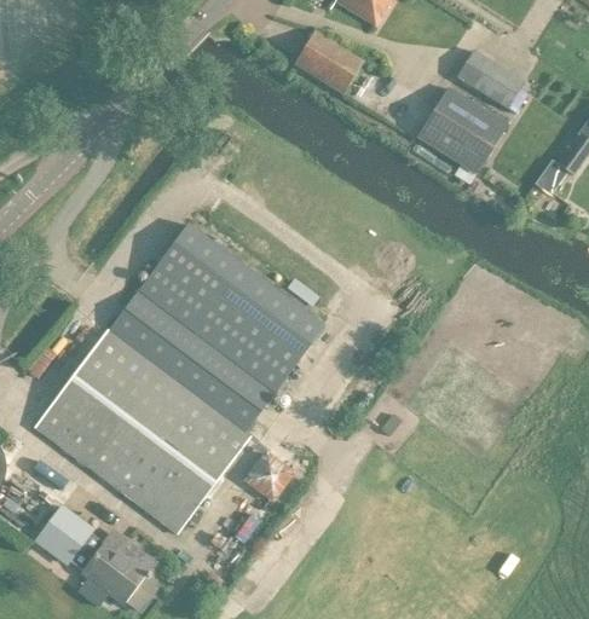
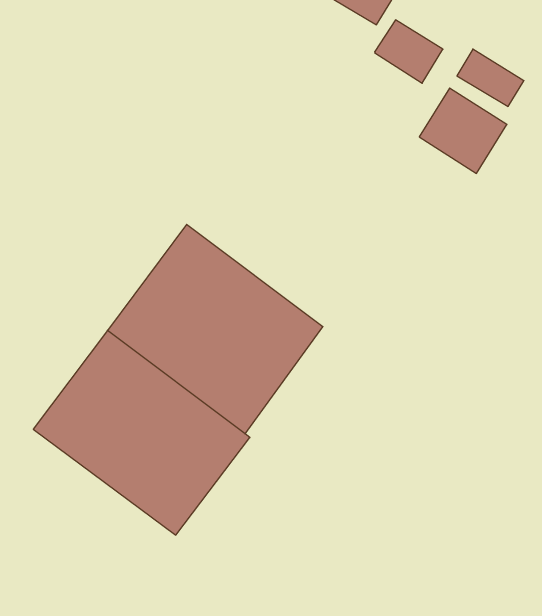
building: [294,30,362,93] -> [375,20,443,83]
building: [46,508,92,553] -> none
building: [80,539,155,604] -> none

